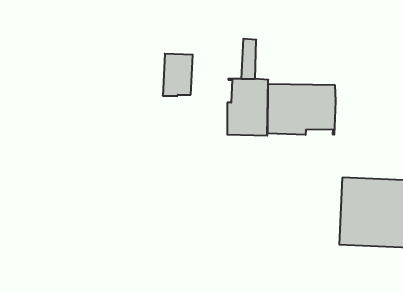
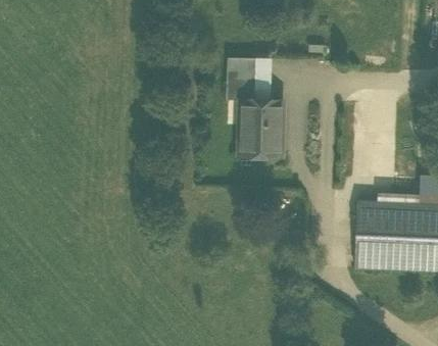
building: [163,54,193,96] -> [227,57,257,100]
building: [268,84,335,135] -> none

